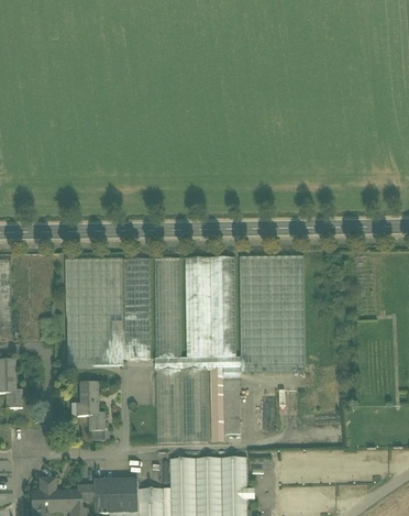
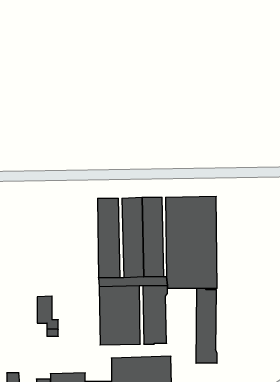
building: [65,257,150,365] -> none
building: none -> [196,288,217,363]

